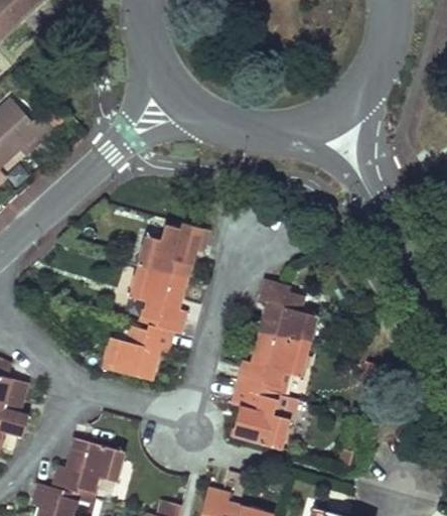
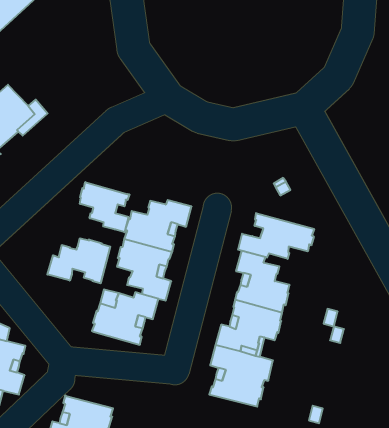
building: none -> [80,182,129,232]
building: none -> [238,213,314,259]
building: none -> [47,238,110,283]

